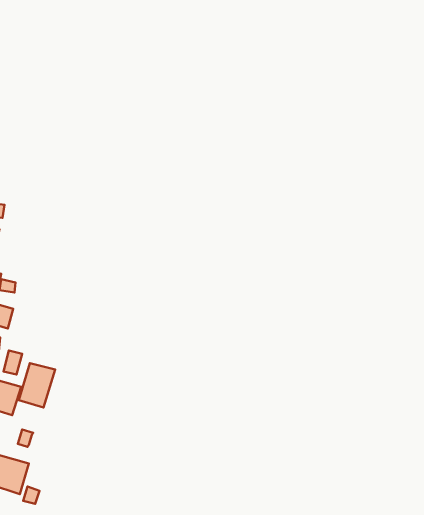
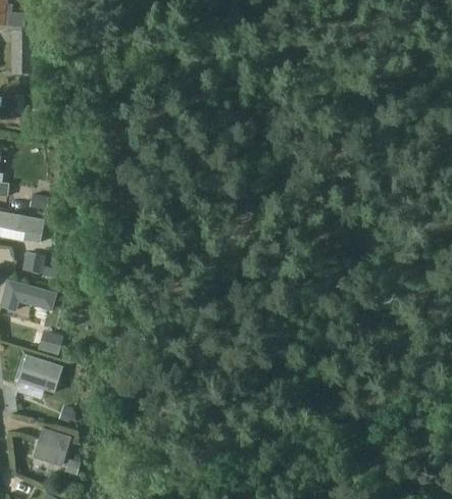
building: [19,363,55,408] -> none

